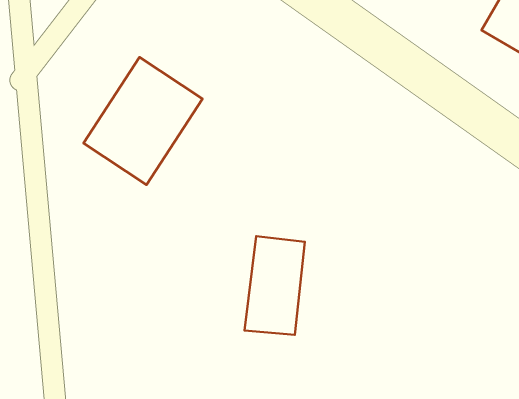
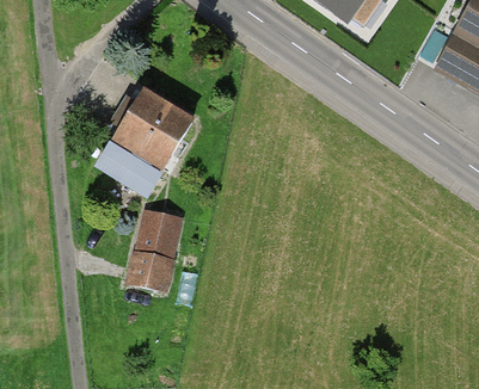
building: [245,236,305,335] -> [127,204,177,286]

